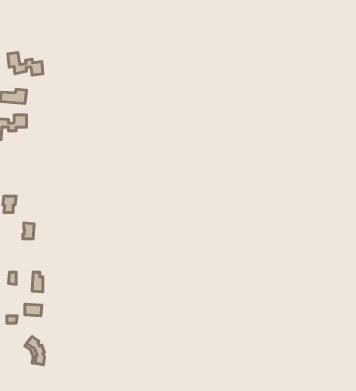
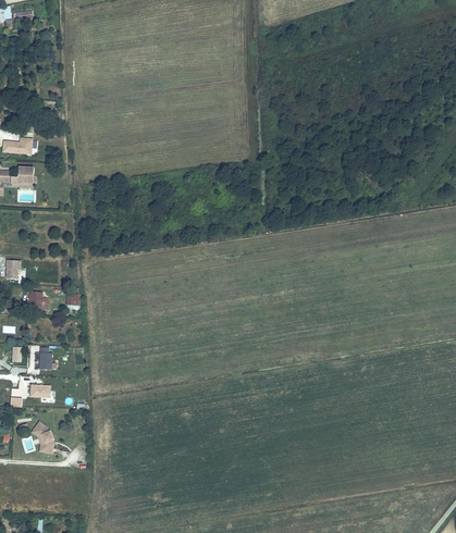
building: [8,53,43,75] -> none

